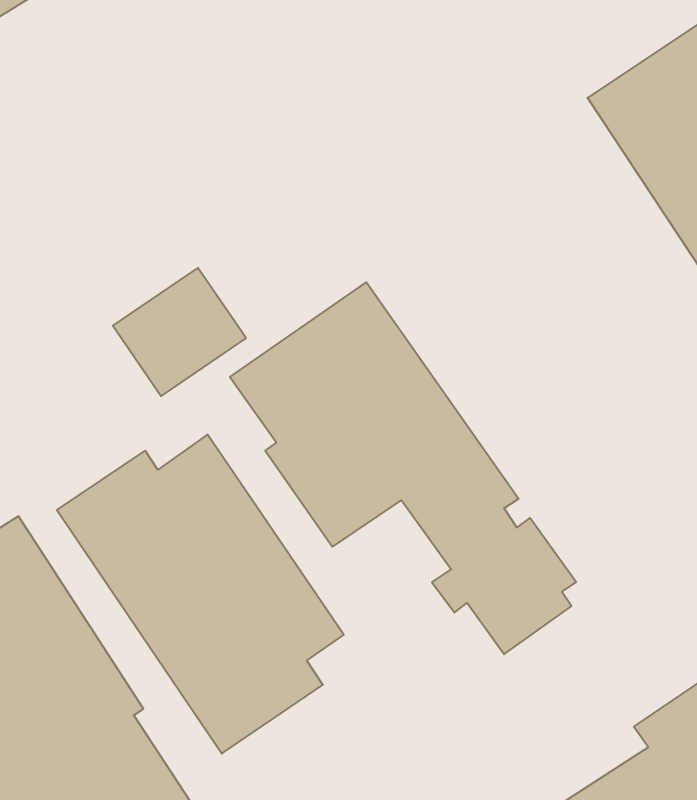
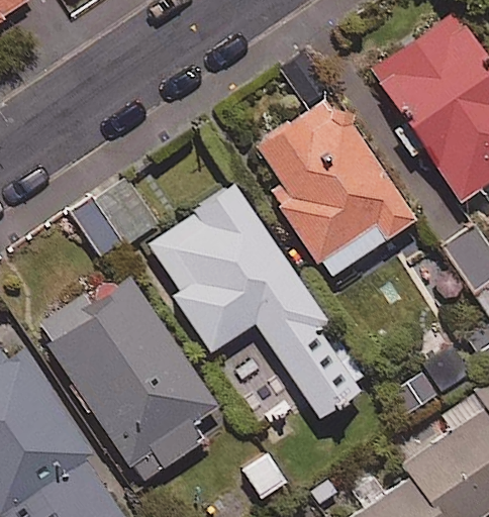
building: none -> [247,96,414,278]

